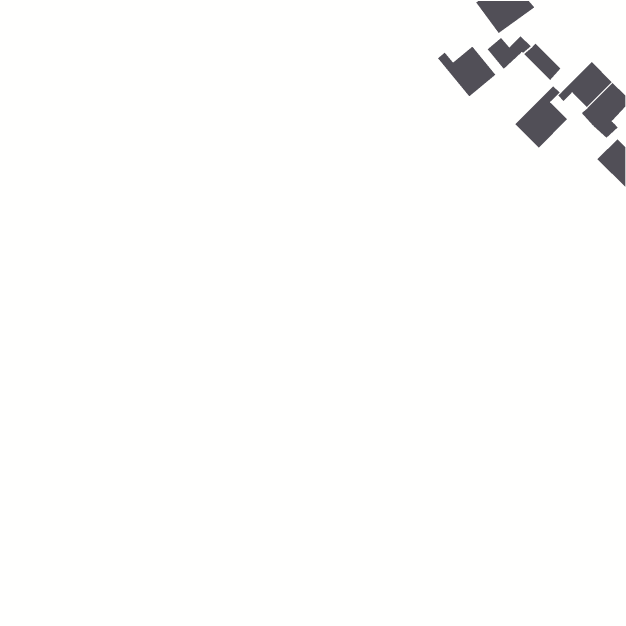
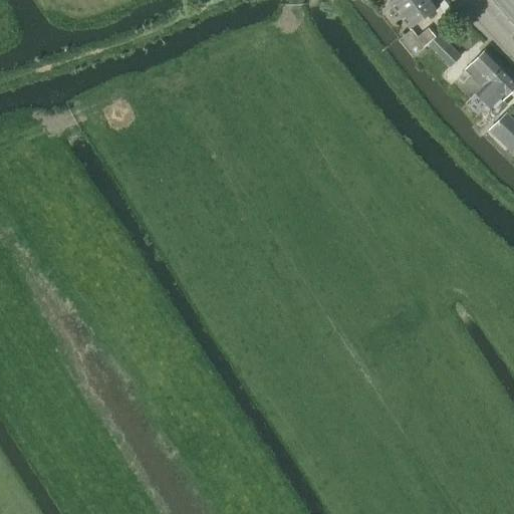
building: [437,45,497,97] -> none
building: [515,85,568,148] -> none

